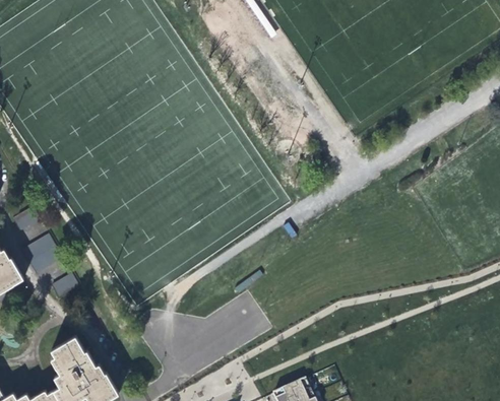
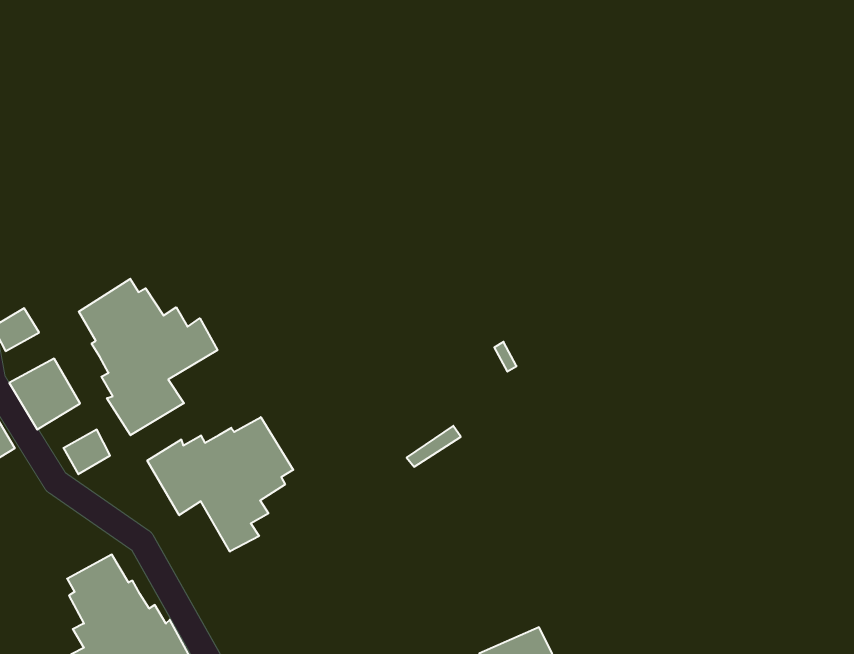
building: none -> [79,279,217,435]
building: none -> [147,417,293,552]

